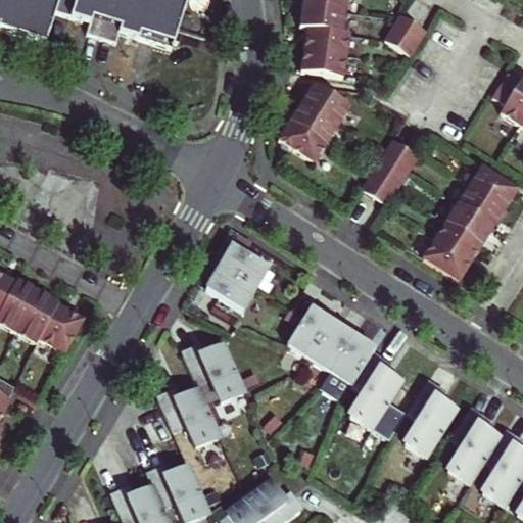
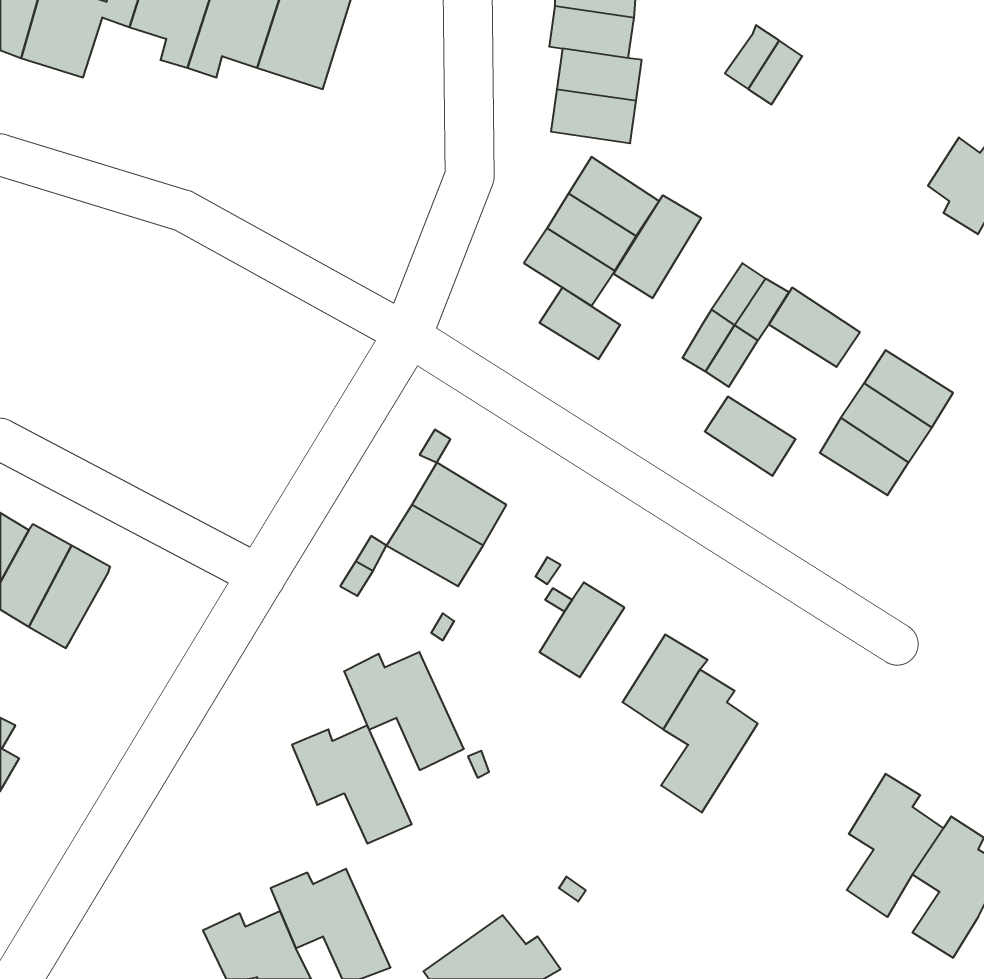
building: none -> [613,195,701,298]
building: none -> [539,287,620,359]
building: [470,165,518,207] -> [769,288,860,367]
building: [423,239,471,281] -> [705,397,796,476]
building: [40,302,85,351] -> none
building: [308,321,353,371] -> none
building: [407,381,458,457] -> none

